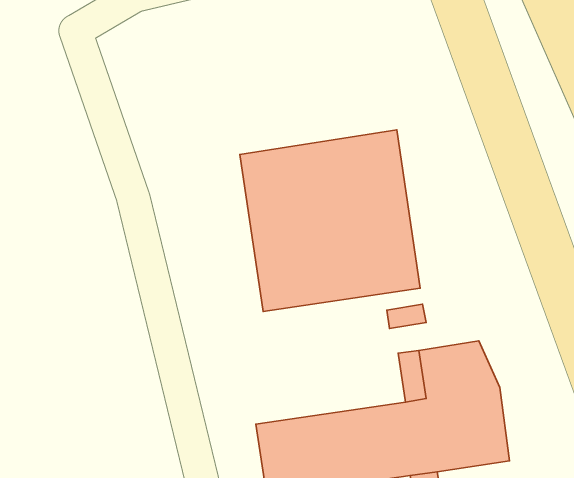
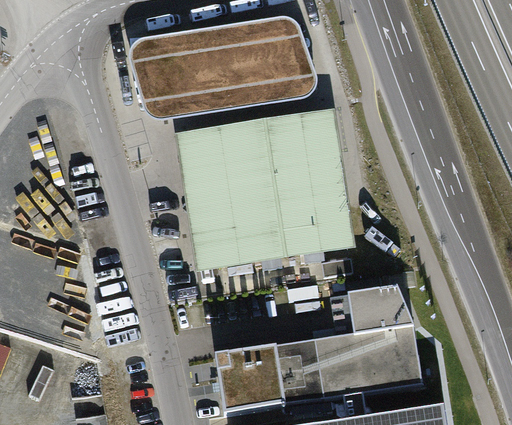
building: none -> [131,17,318,120]
building: none -> [177,134,222,266]

